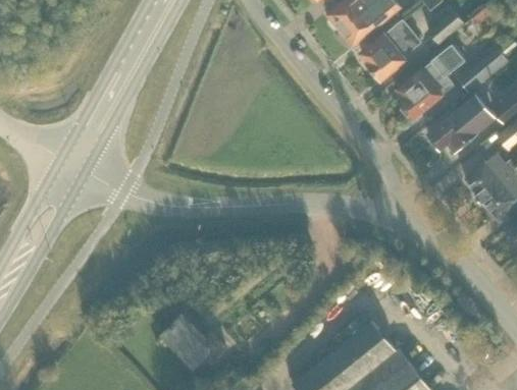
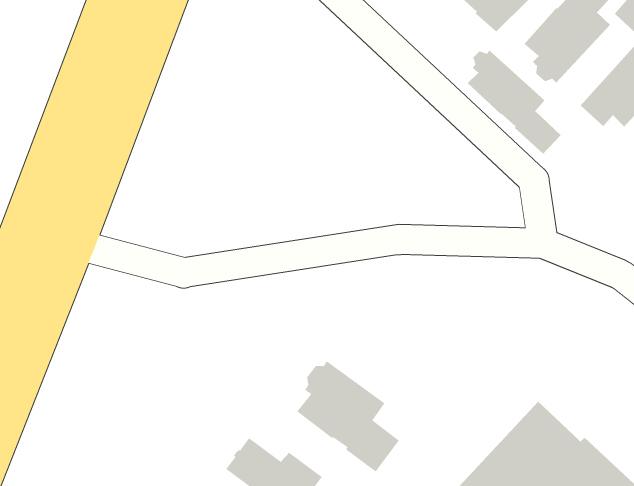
building: none -> [467,49,562,155]
building: none -> [296,360,400,473]

